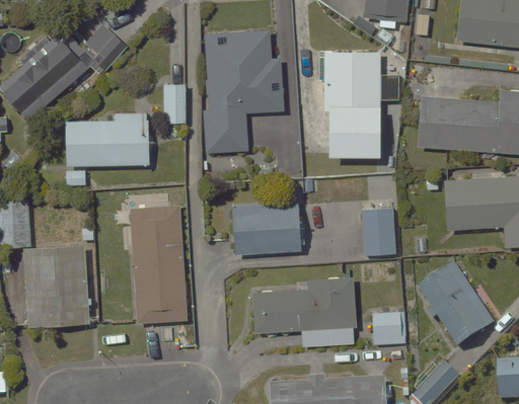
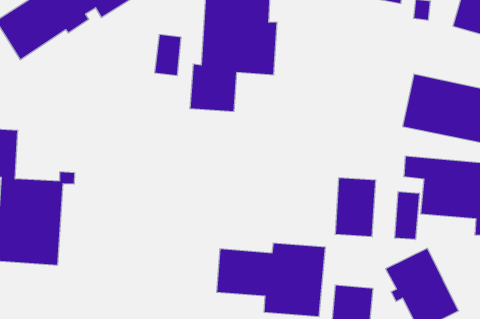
building: [321,50,382,158] -> none
building: [63,110,152,188] -> none
building: [231,198,300,254] -> none
building: [129,205,189,324] -> none
building: none -> [395,192,419,240]

